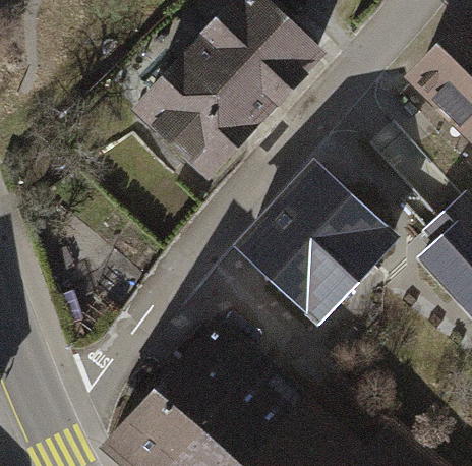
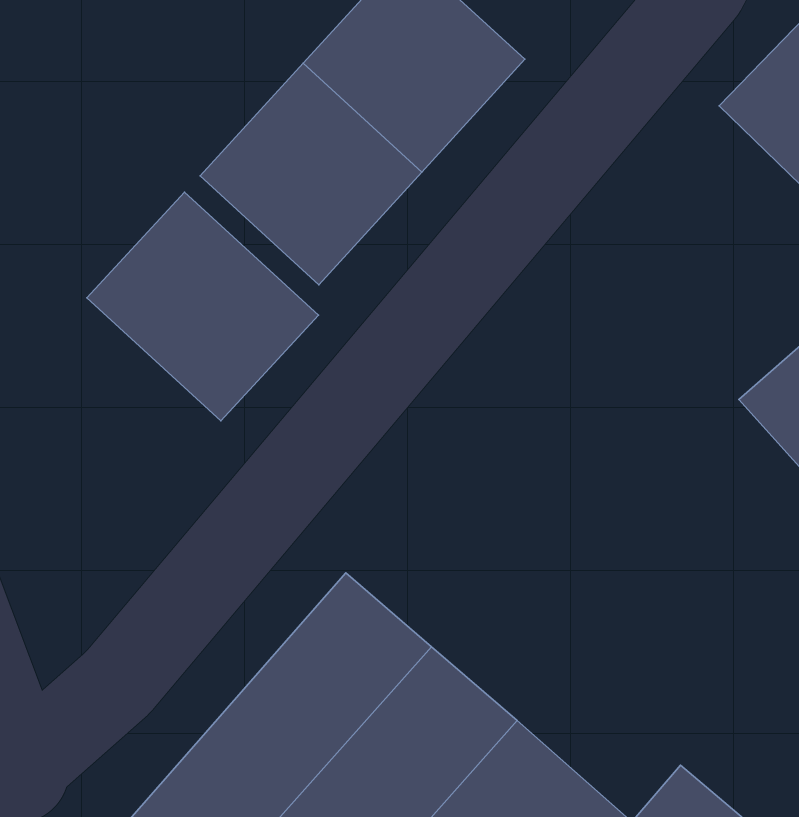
building: none -> [87,192,318,421]
building: [244,178,386,319] -> none

